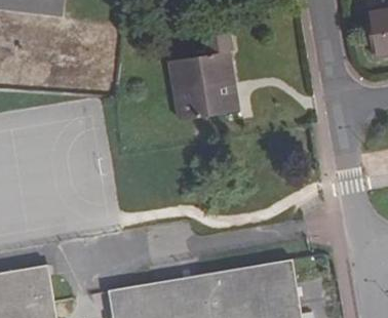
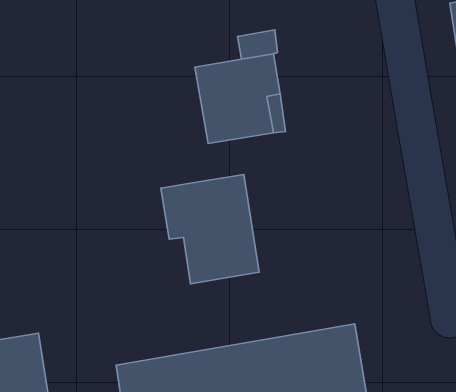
building: none -> [161,175,259,284]

